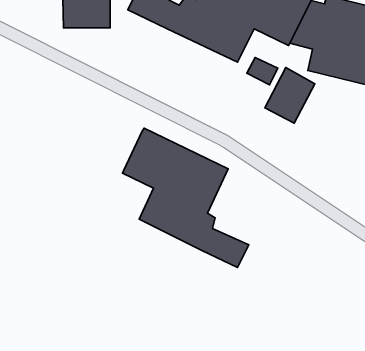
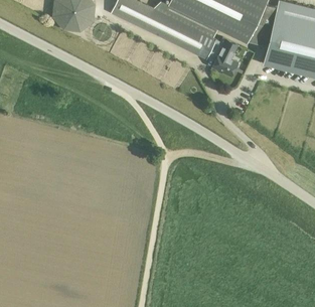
building: [265,67,315,123] -> none
building: [122,128,249,268] -> none

